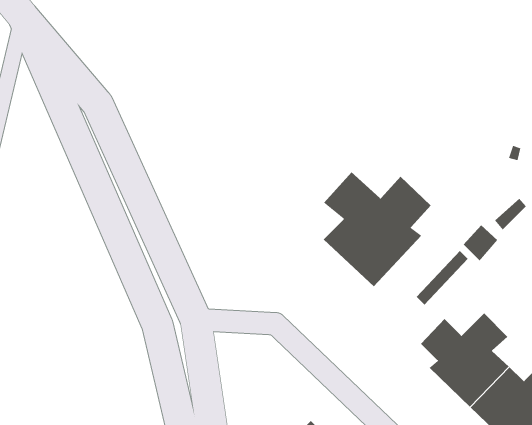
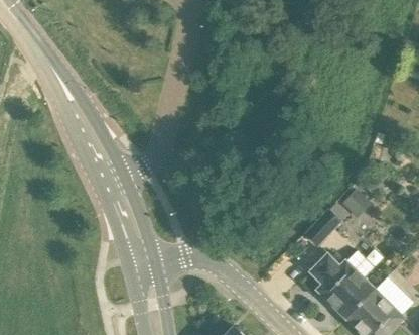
building: [323,172,431,287] -> none

